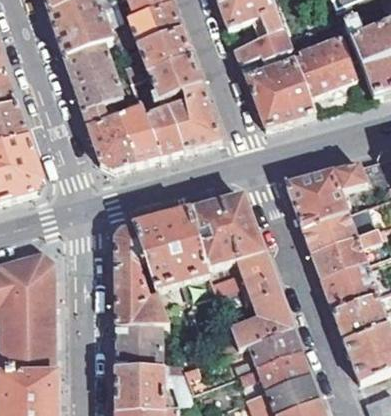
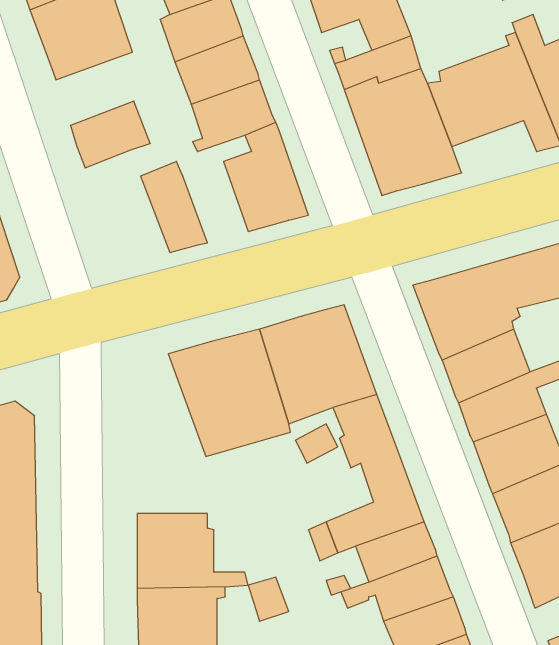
building: [65,41,113,83] -> none
building: [83,98,135,167] -> none
building: [143,105,183,155] -> none
building: [114,223,168,321] -> none

